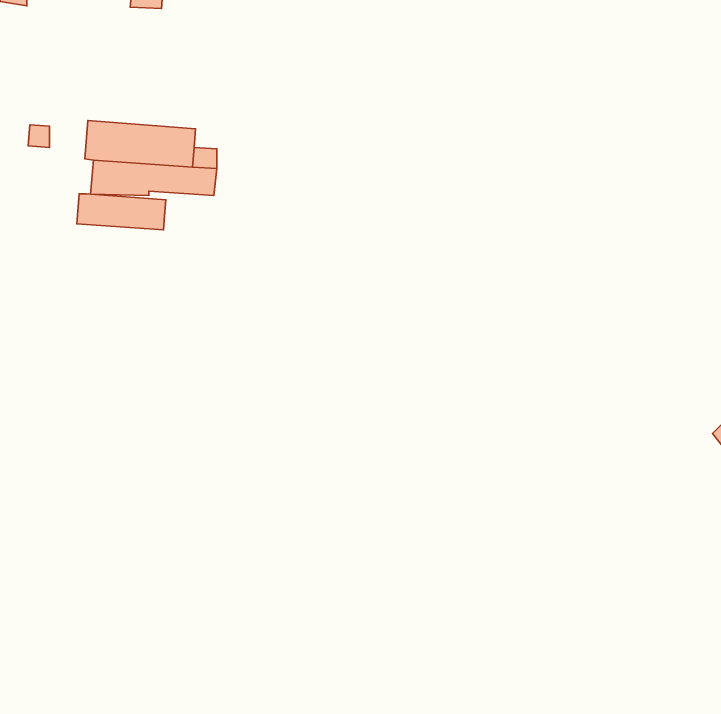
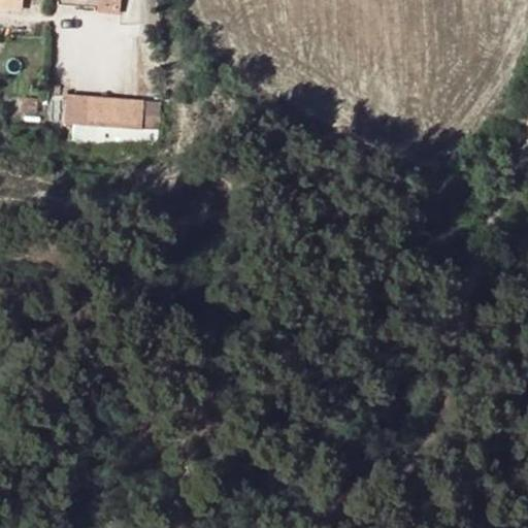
building: [77,194,166,230] -> none

